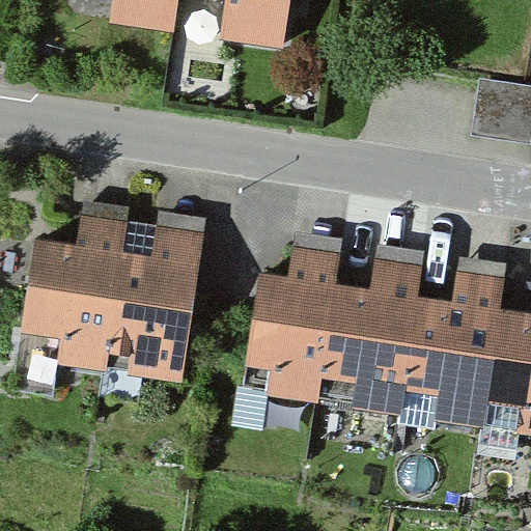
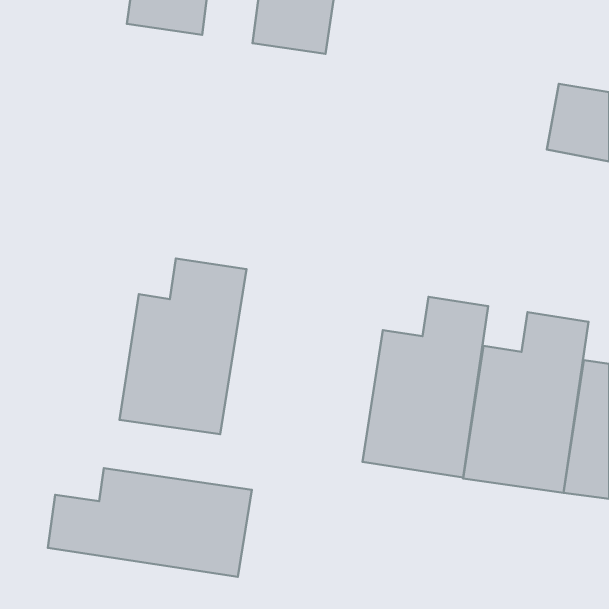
building: [19,216,125,364] -> none
building: [237,244,337,400] -> none
building: none -> [48,468,252,577]

